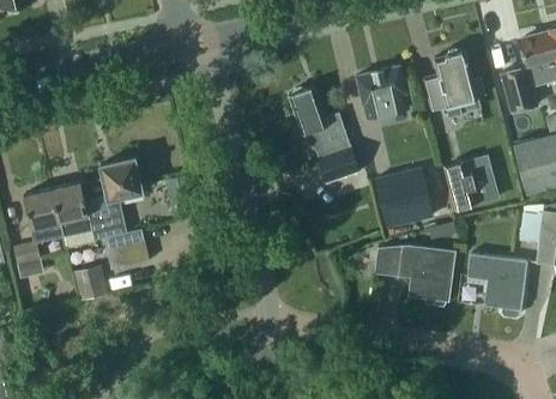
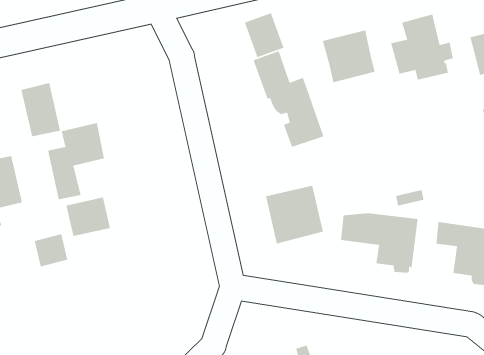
building: none -> [244,12,285,58]
building: [445,163,497,210] -> none
building: [375,169,433,228] -> [265,185,324,245]
building: [52,182,91,236] -> [21,82,61,137]

